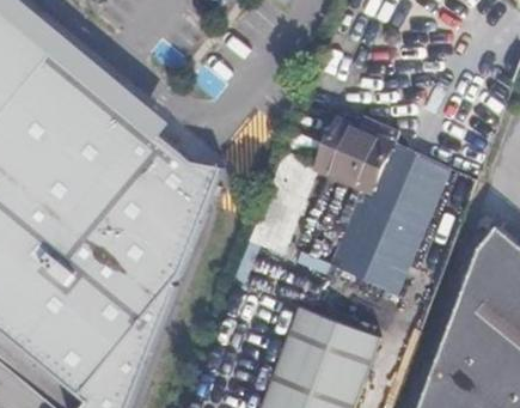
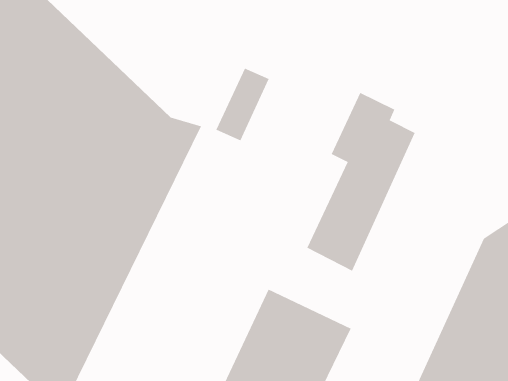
building: [320,120,365,184] -> [216,68,270,141]
building: [369,160,441,296] -> none

